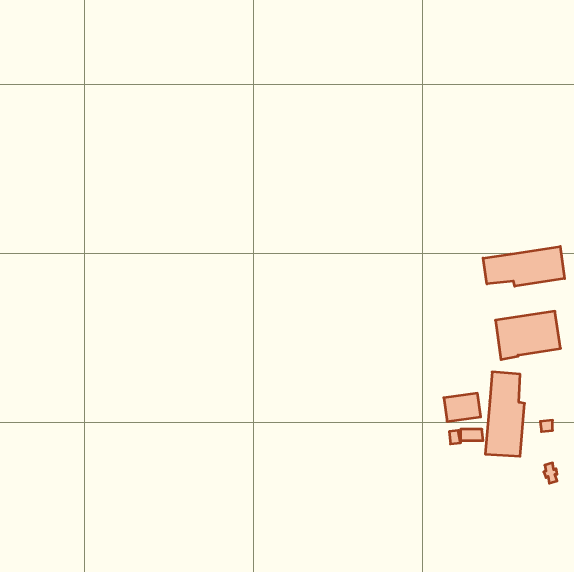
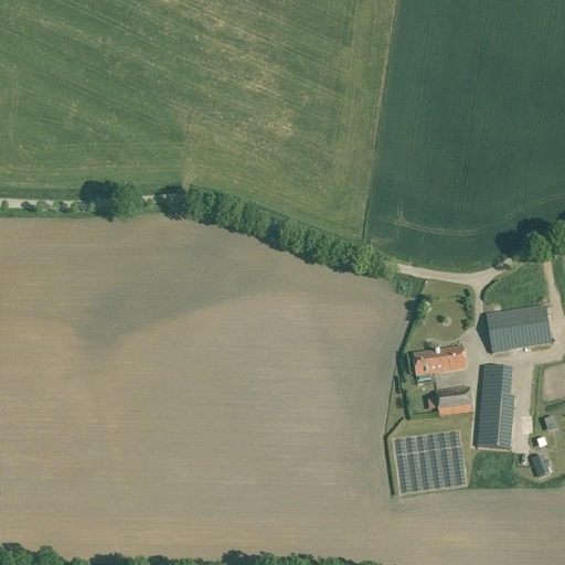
building: [483,246,565,286] -> none
building: none -> [413,347,467,376]

